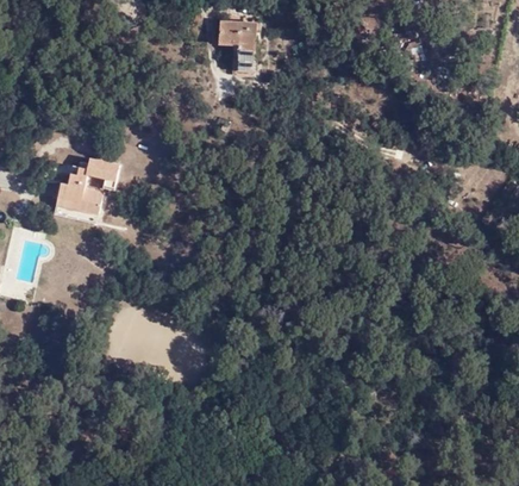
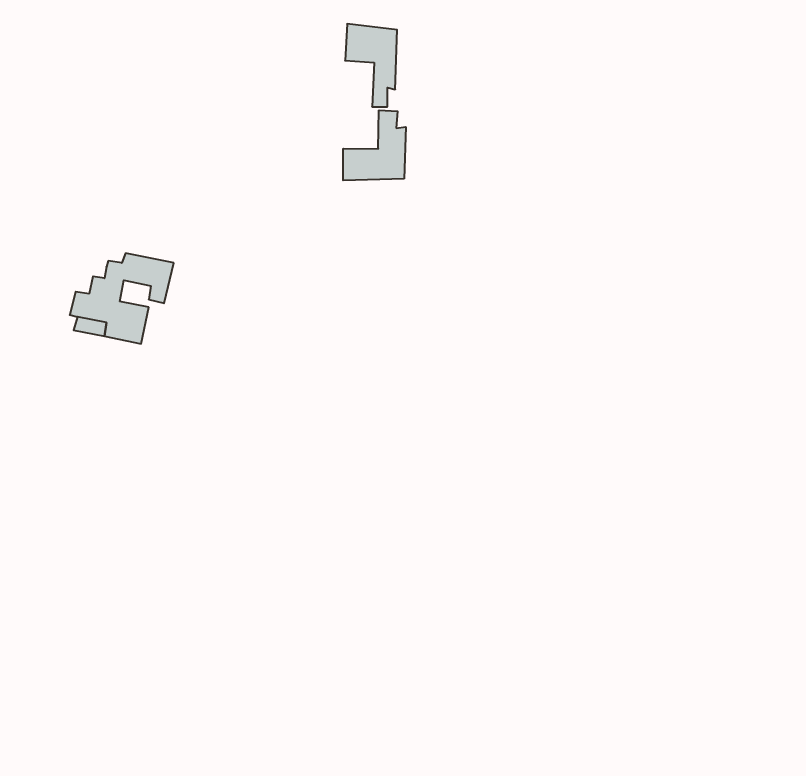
building: none -> [343,110,406,180]

